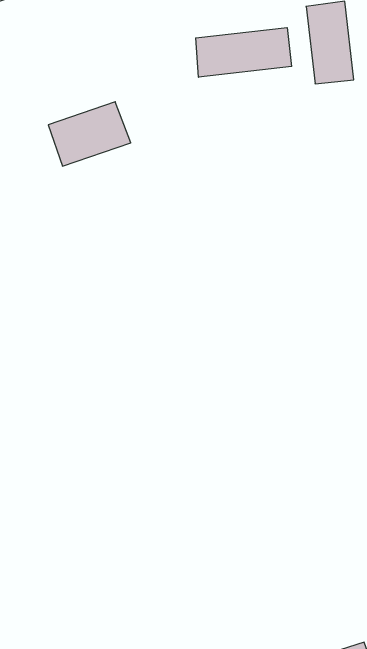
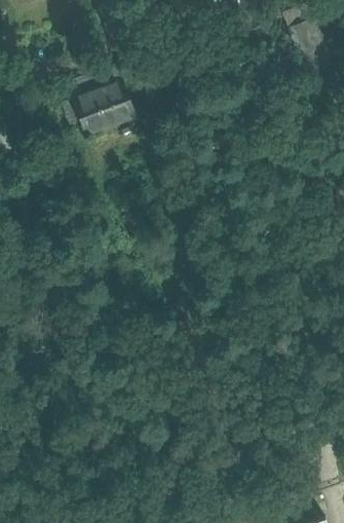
building: [196,28,292,77] -> none

